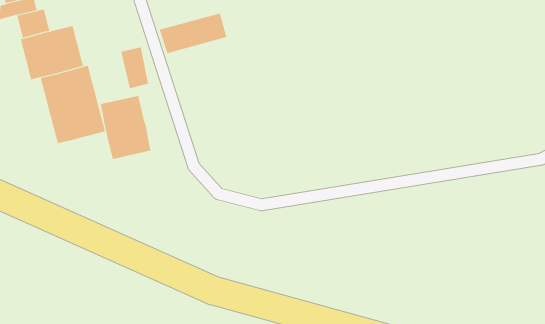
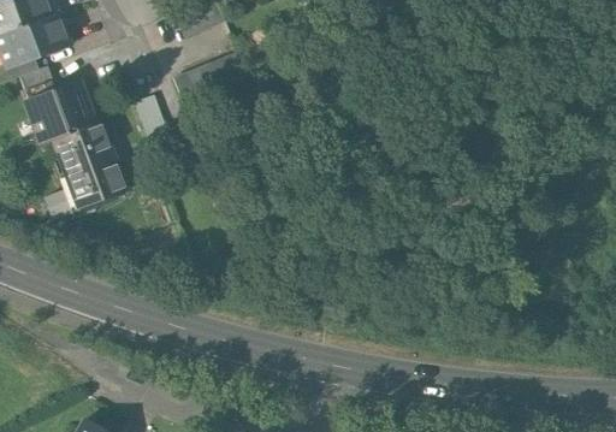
building: [100,95,152,160] -> none

